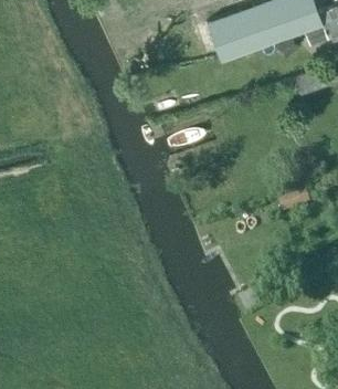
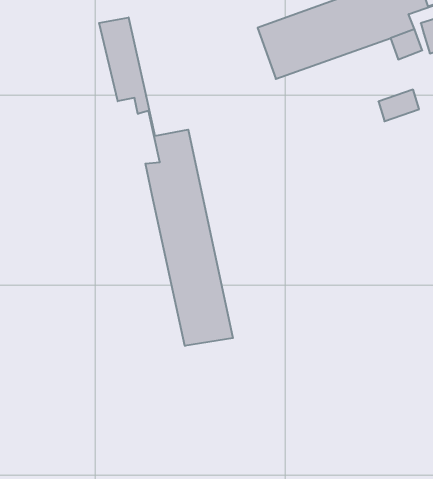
building: none -> [99,17,233,346]

